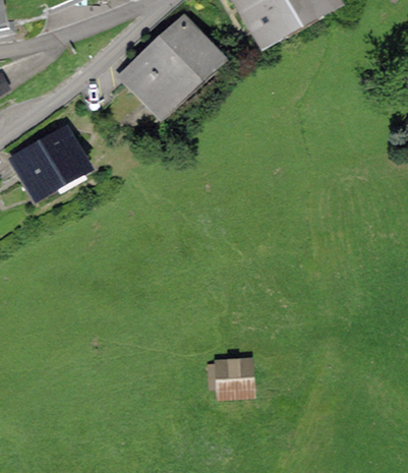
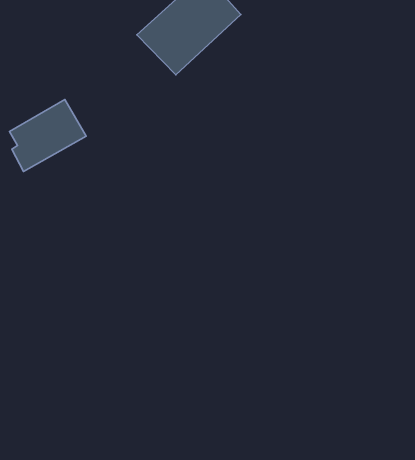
building: [210,359,250,393] -> none

